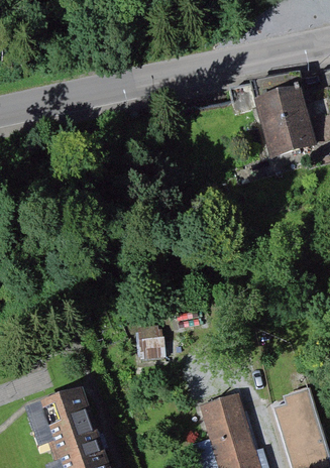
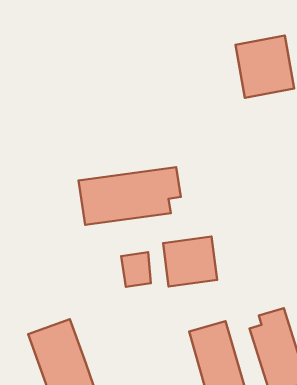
building: none -> [78,167,181,225]
building: none -> [163,236,217,286]

